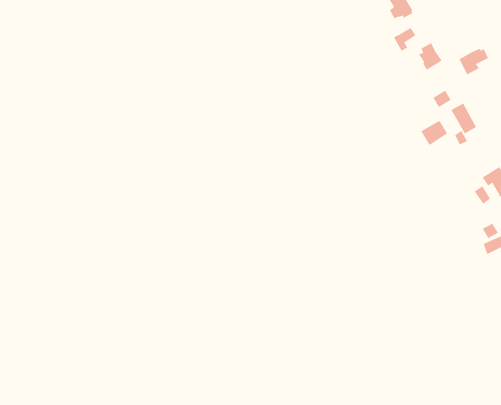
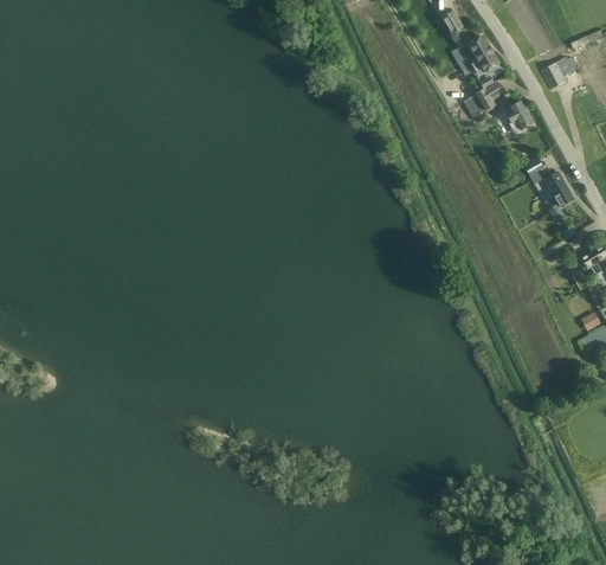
building: [459,48,489,75] -> [540,58,575,90]
building: [420,120,448,146] -> none

